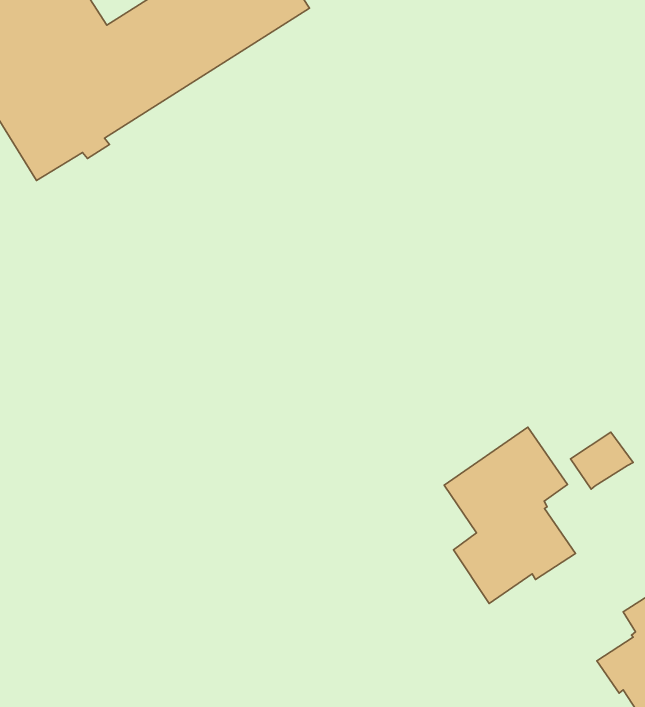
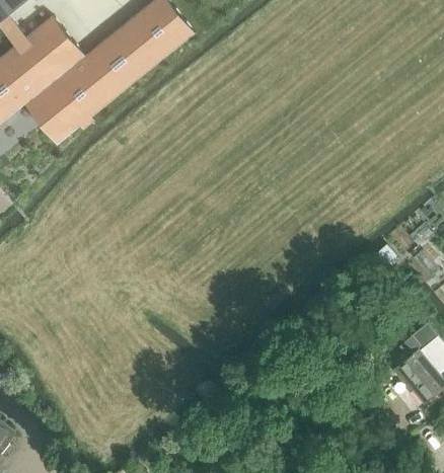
building: [444,427,575,603] -> none

